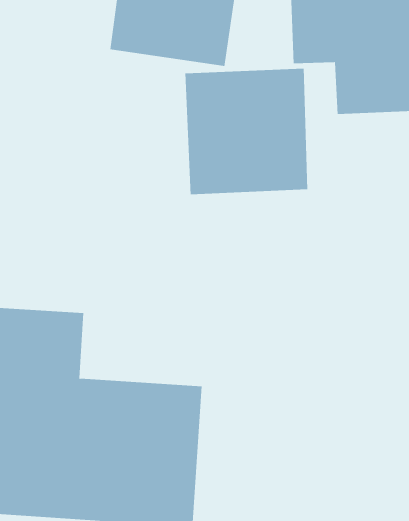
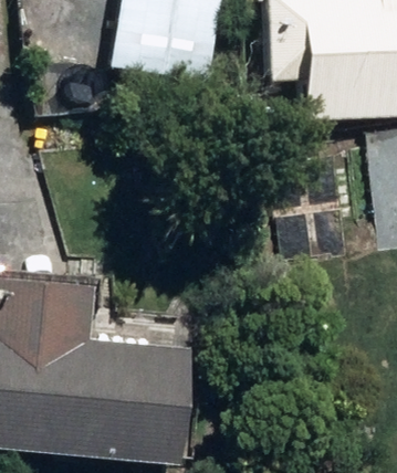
building: [185,68,308,195] -> none

